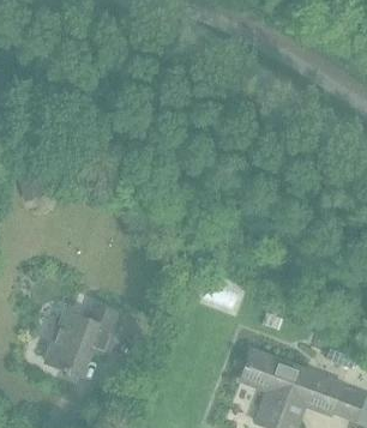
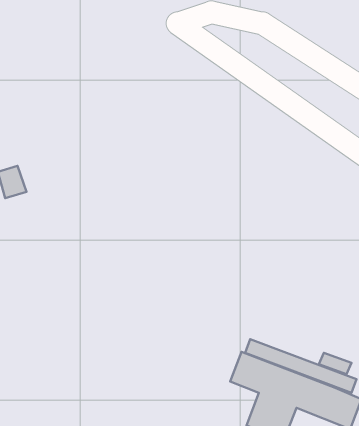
building: [43,308,118,376] -> none

